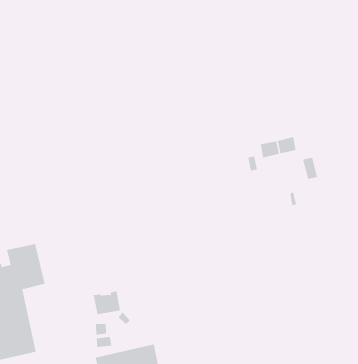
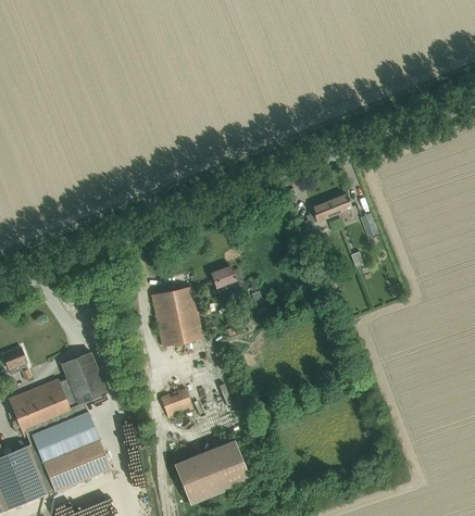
building: none -> [211,266,243,288]
building: none -> [151,287,202,347]

